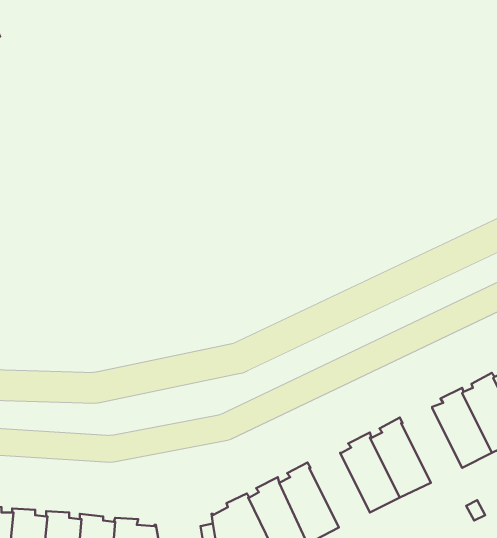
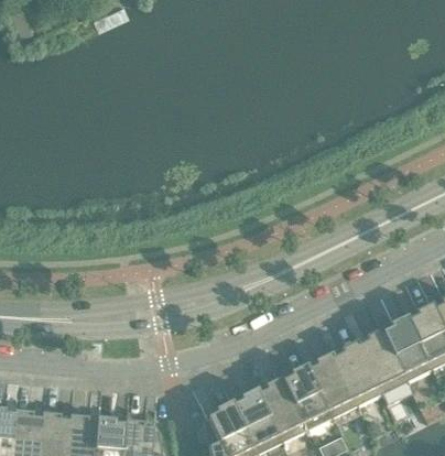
building: none -> [357,328,411,403]
building: none -> [282,365,332,430]

